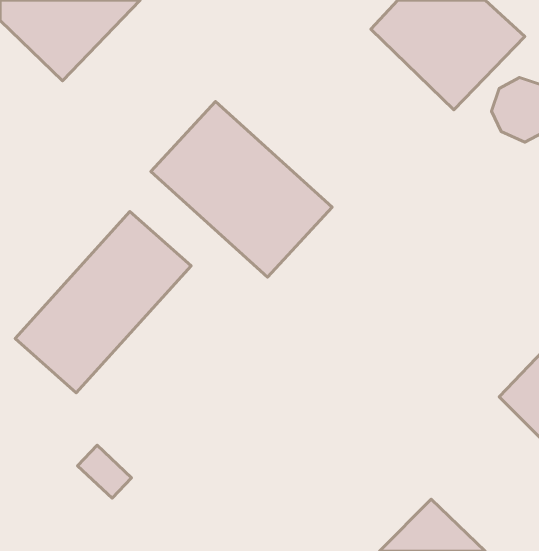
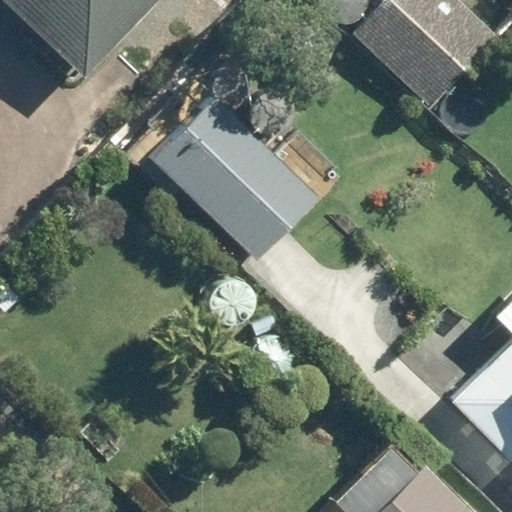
building: [15,212,191,393] -> none

